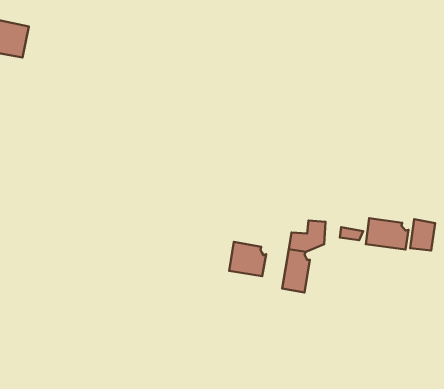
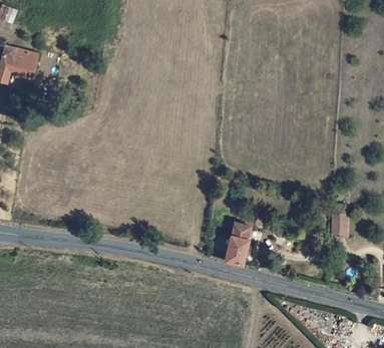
building: [366,218,408,250] -> none
building: [229,242,266,276] -> none

